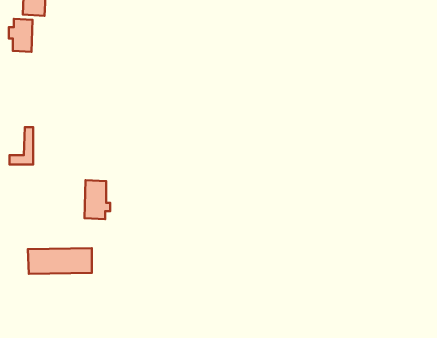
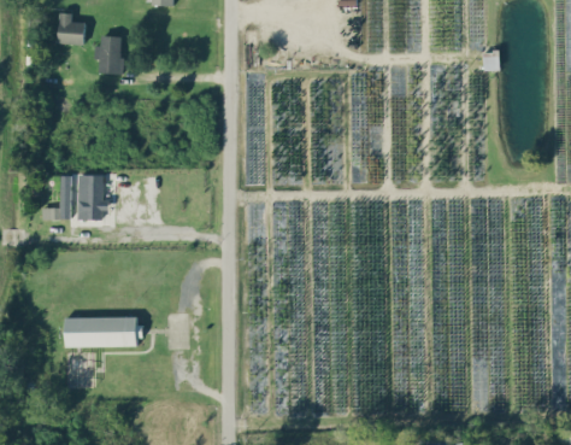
building: [9,19,32,52] -> [94,36,122,75]
building: [85,180,110,219] -> [77,175,107,221]

